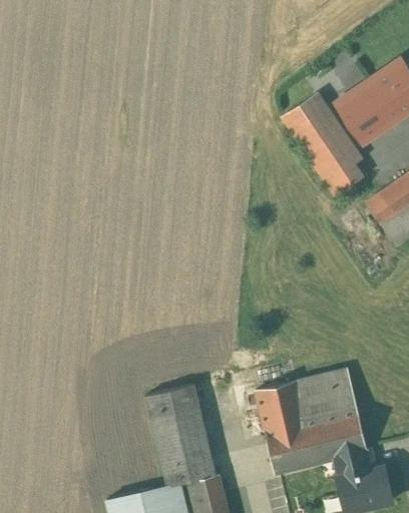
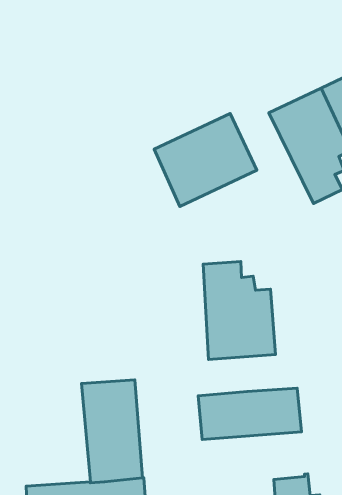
building: none -> [154,113,257,207]
building: none -> [203,262,276,360]
building: [267,411,367,474] -> none

